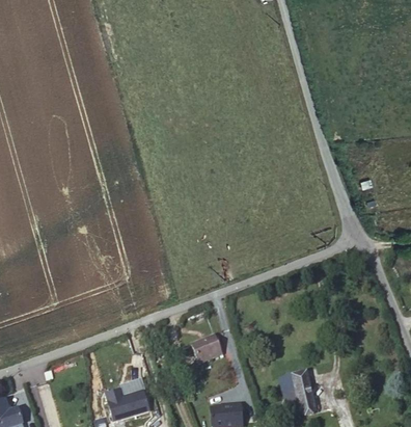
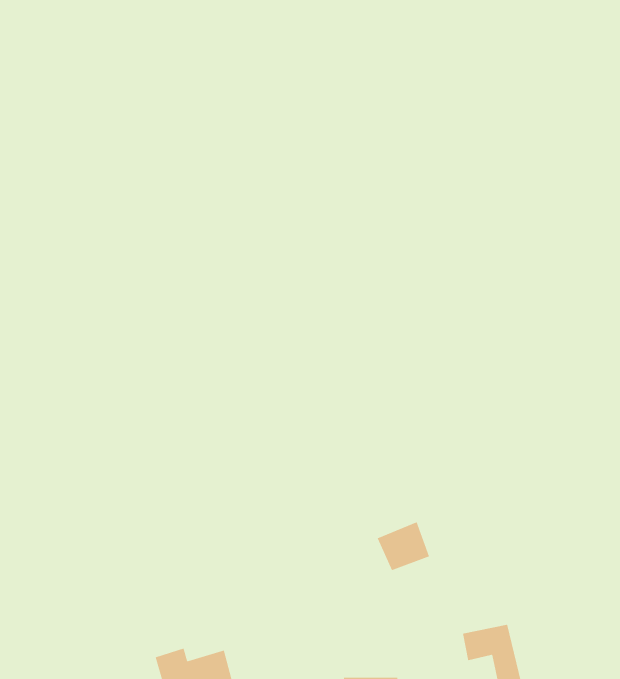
building: [191,335,221,363] -> [377,522,430,571]

